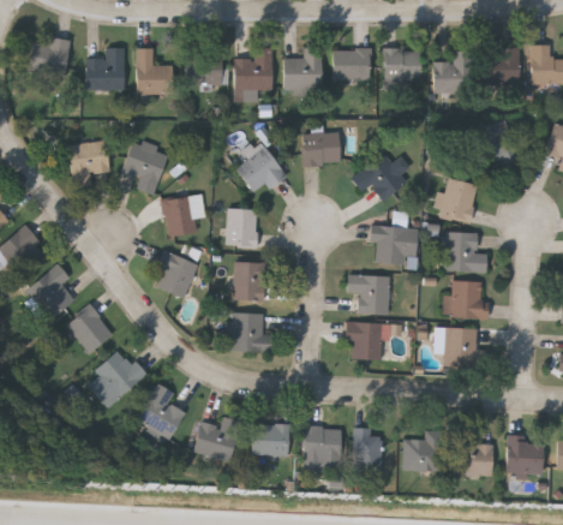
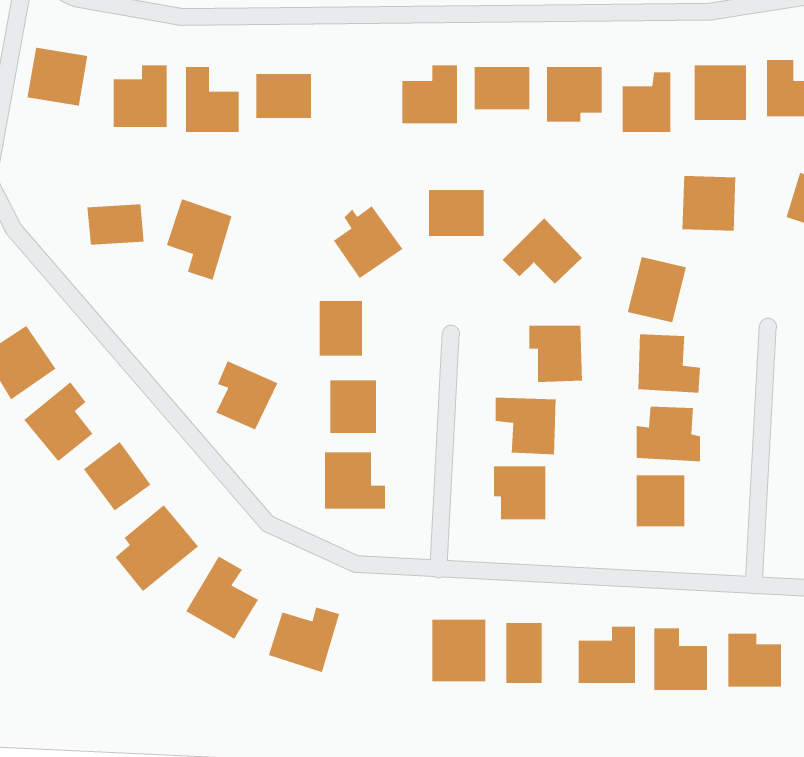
building: [234,48,272,91] -> none
building: [163,196,197,237] -> none
building: [252,424,292,457] -> none

